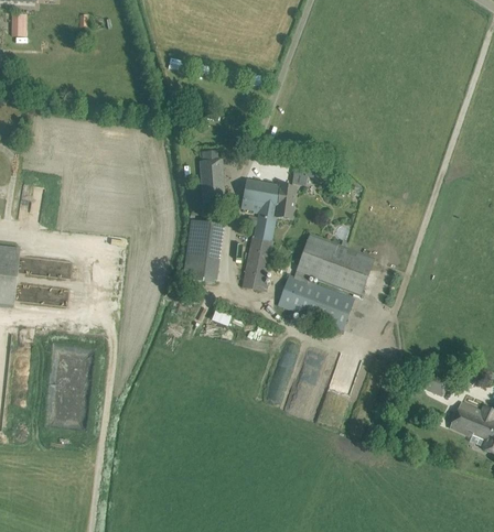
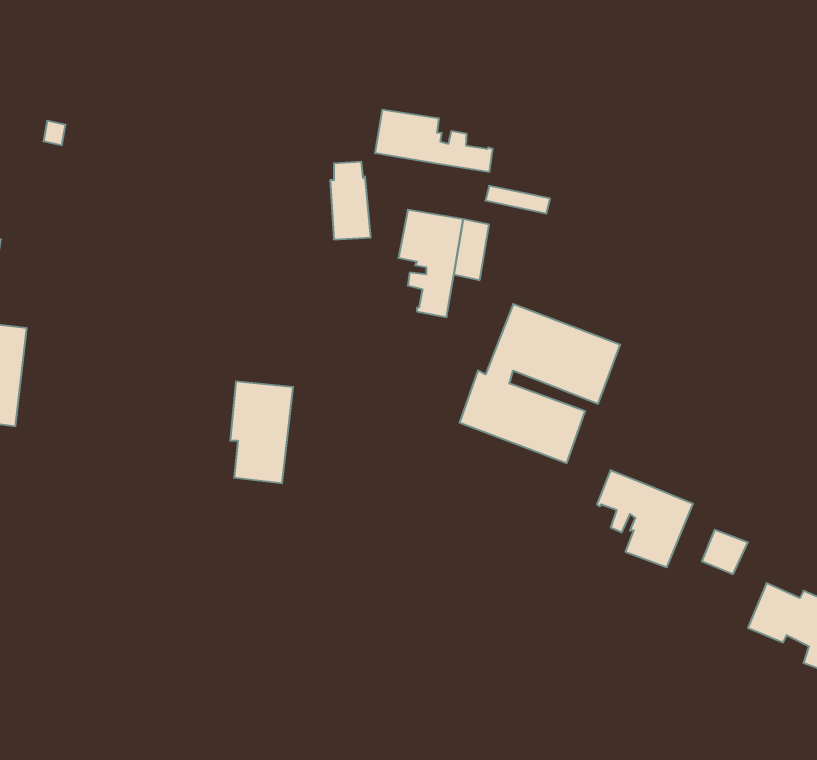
building: none -> [375,110,492,172]
building: [186,219,224,280] -> [230,381,293,483]
building: [241,239,270,291] -> none
building: none -> [597,470,693,567]

